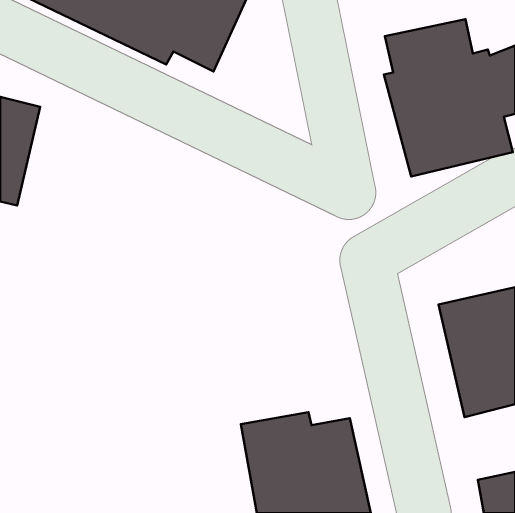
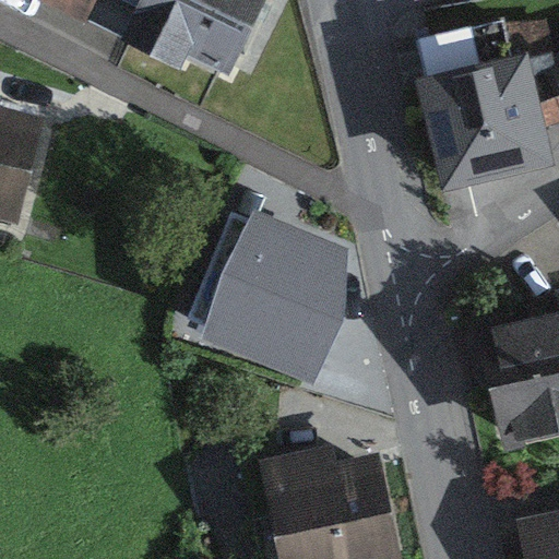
building: none -> [189,210,349,388]

